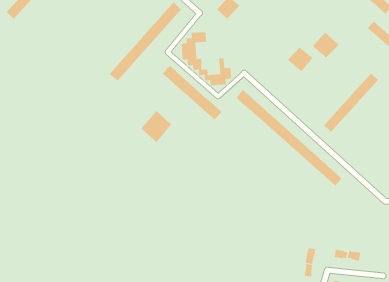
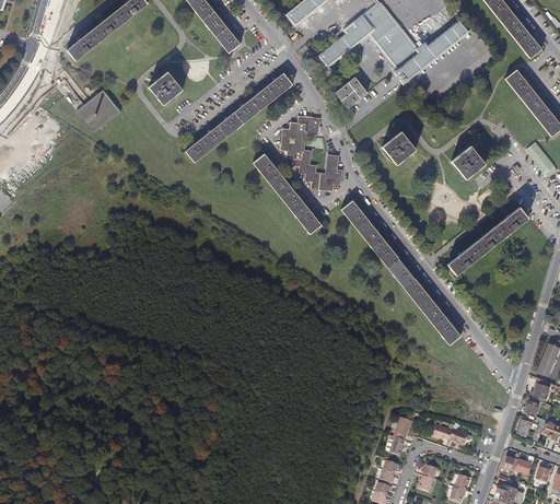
building: none -> [149,71,183,105]
building: none -> [77,90,120,132]
building: [287,47,313,72] -> [382,131,416,164]
building: [140,110,172,143] -> none

